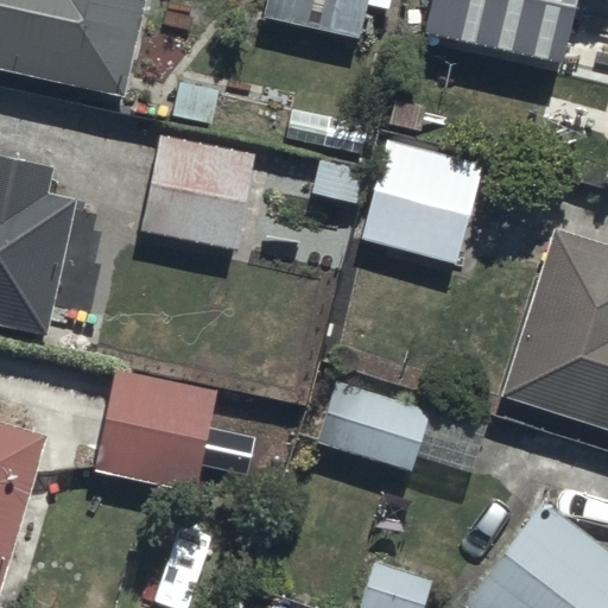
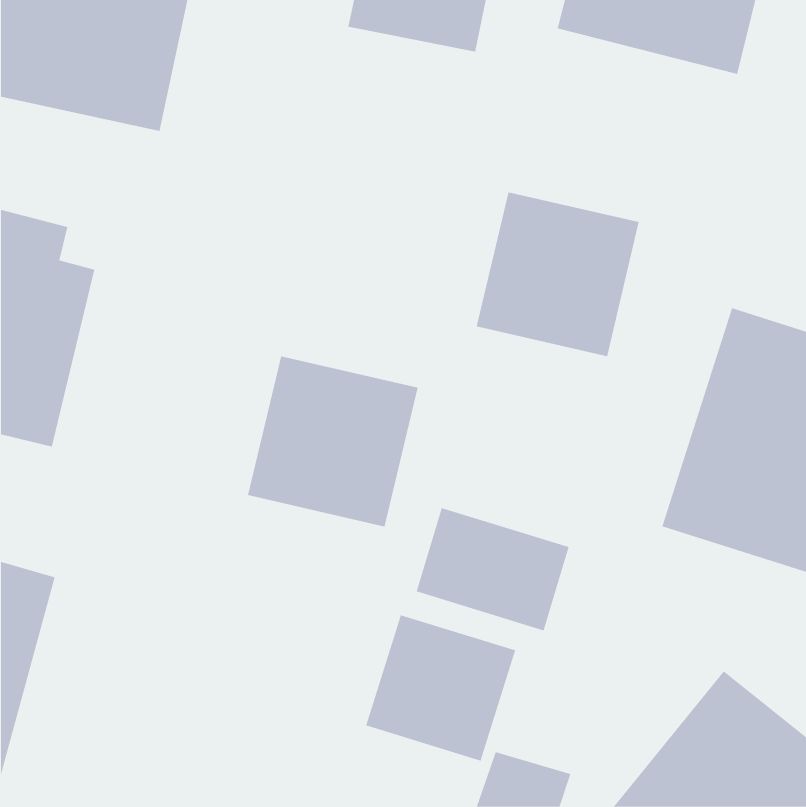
building: [140,133,259,254] -> none
building: [91,368,220,496] -> [247,356,419,527]
building: none -> [365,614,516,761]

